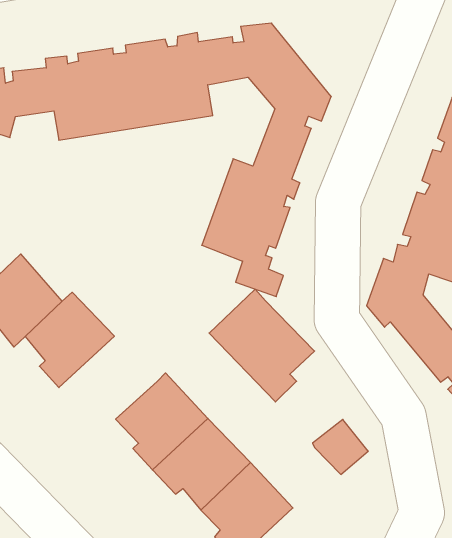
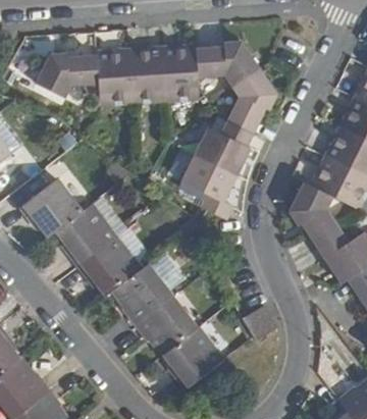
building: [209,289,315,402] -> none
building: none -> [80,233,144,293]

